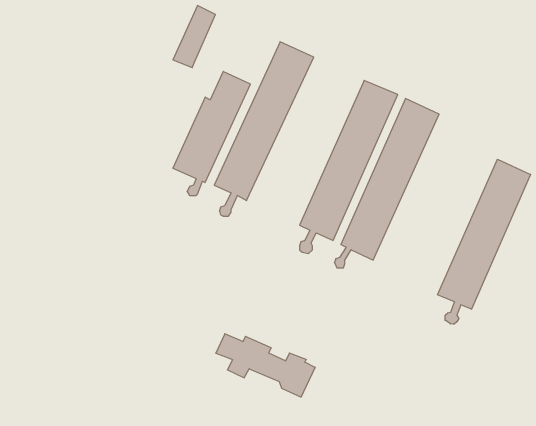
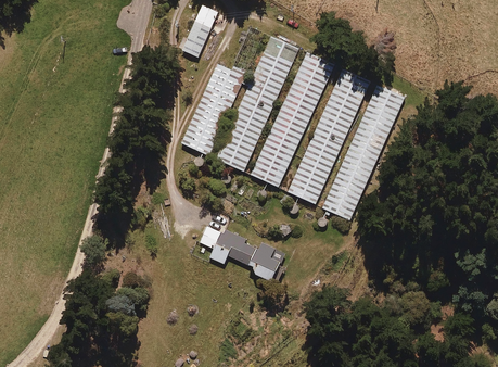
building: none -> [251,52,334,200]
building: [438,159,531,324] -> none
building: [216,334,315,397] -> [199,225,282,278]

